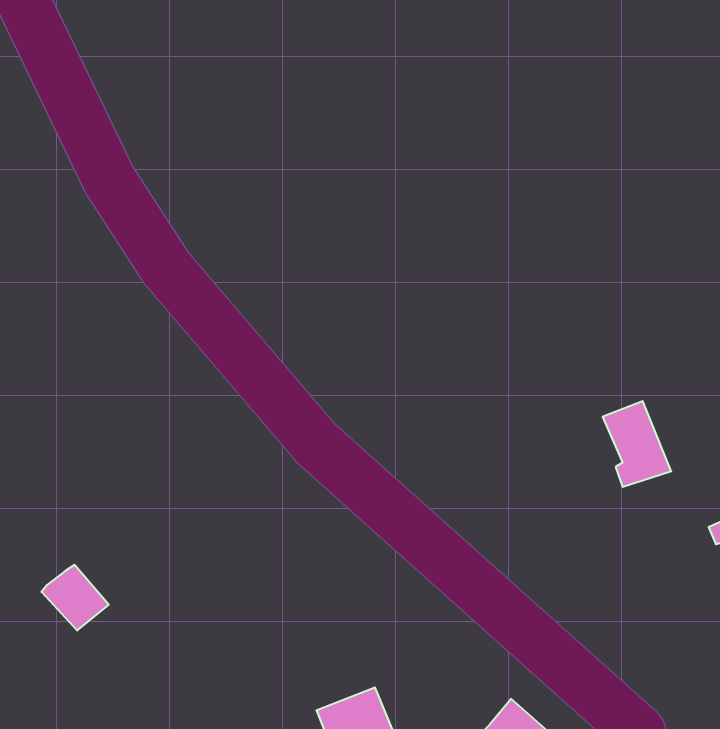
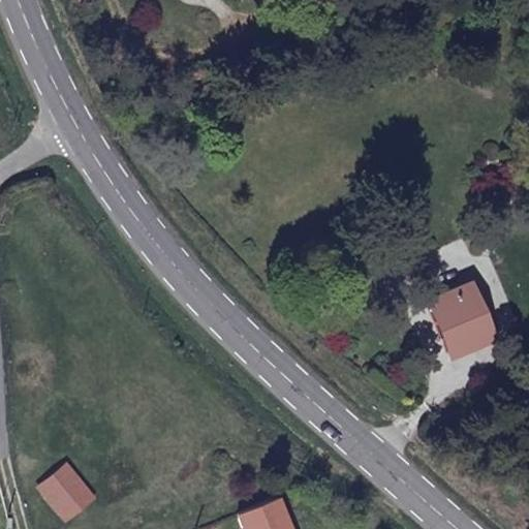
building: [41,565,109,631] -> [44,472,93,520]

